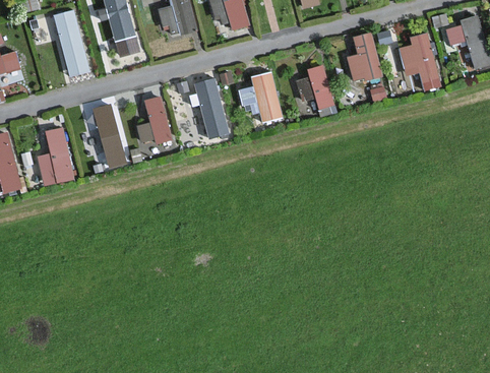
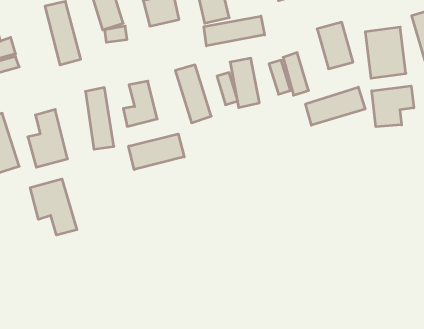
building: none -> [204,16,265,46]
building: none -> [372,86,414,127]
building: none -> [306,87,365,125]
building: none -> [129,134,184,170]
building: none -> [30,179,77,235]

